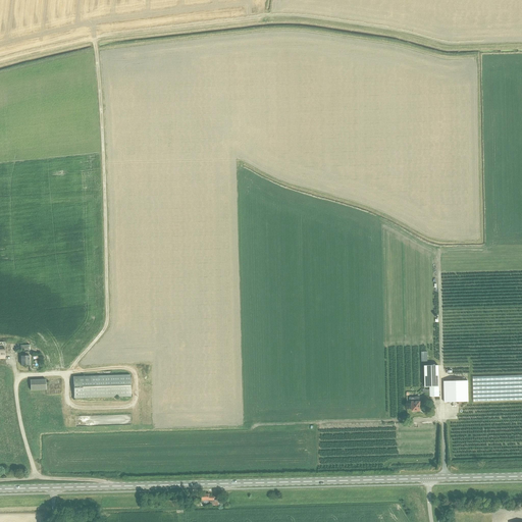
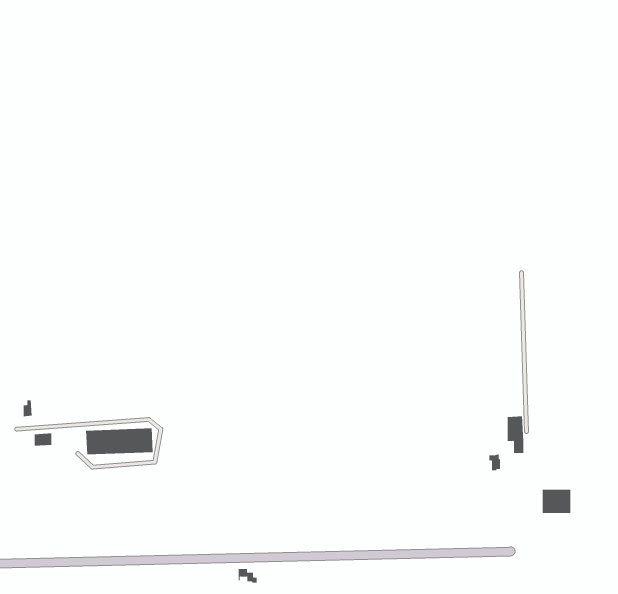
building: [443,380,468,401] -> [542,489,571,514]

